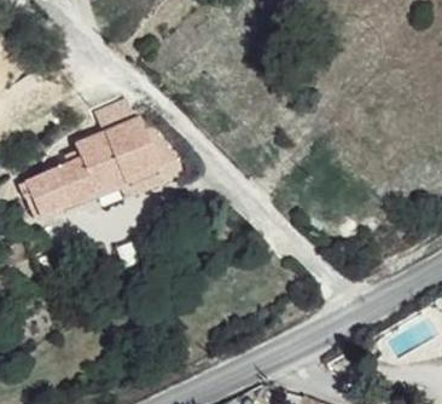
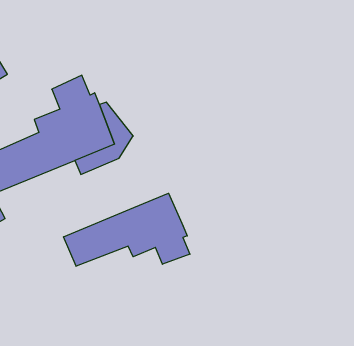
building: none -> [64,193,190,266]

